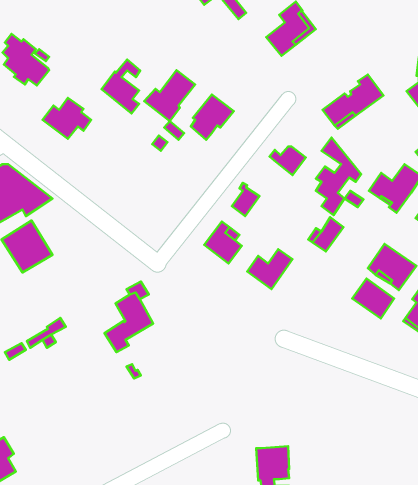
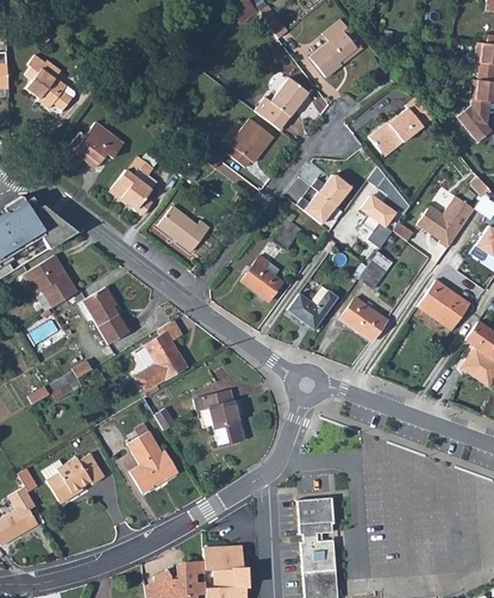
building: [102,59,140,114] -> [111,156,152,214]
building: [144,70,195,121] -> [254,77,308,132]
building: none -> [296,192,337,225]
building: none -> [158,206,210,251]
building: none -> [79,287,129,343]
building: [352,279,394,318] -> [342,298,387,341]
building: none -> [195,390,244,447]
building: none -> [129,431,179,494]
building: none -> [49,455,107,505]

